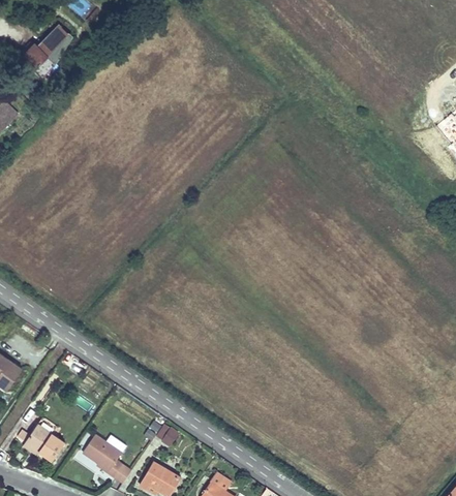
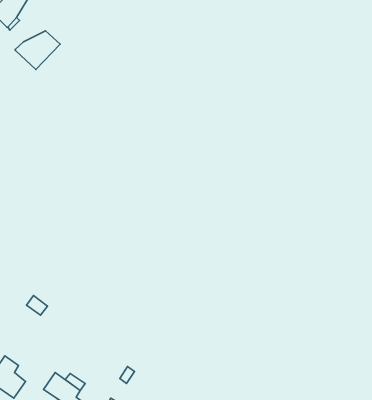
building: none -> [15,31,60,69]

